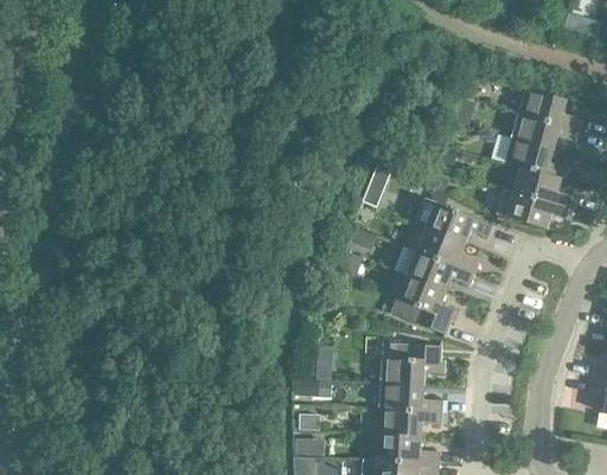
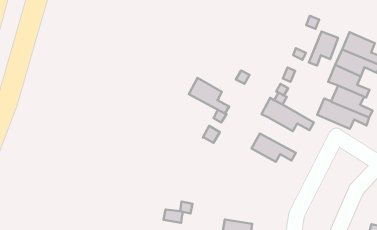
building: none -> [309,32,338,66]
building: [416,226,477,272] -> [189,78,229,113]
building: [391,275,458,333] -> none
building: [382,341,443,384] -> none

